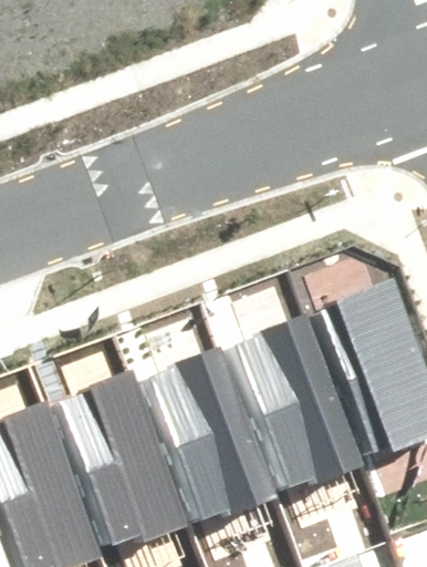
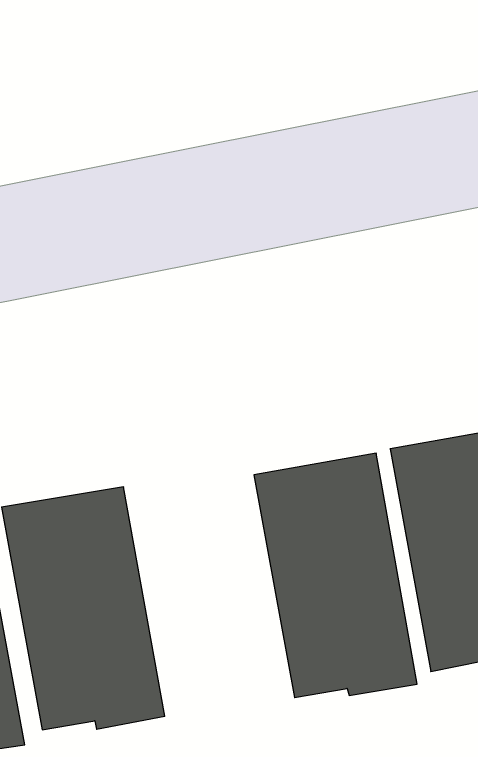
building: [146,346,280,518] -> none

